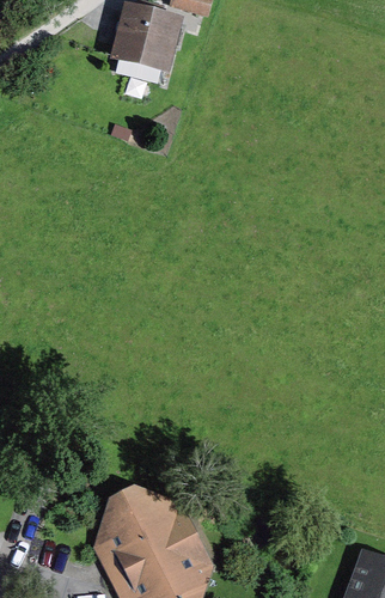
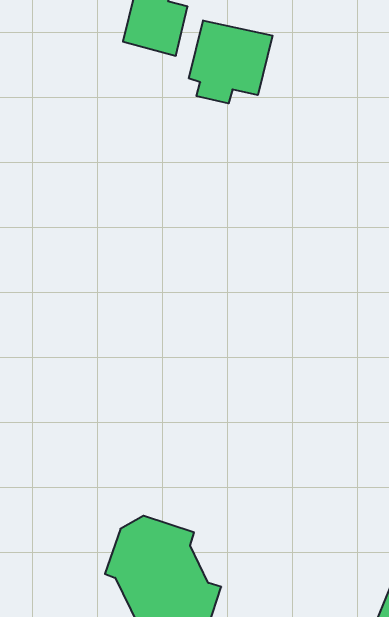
building: none -> [189,20,273,103]

